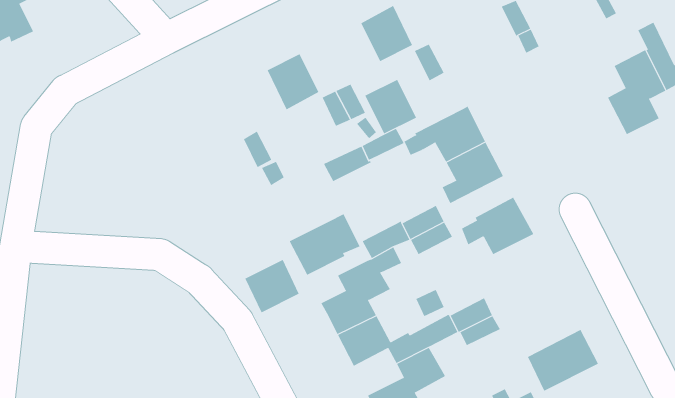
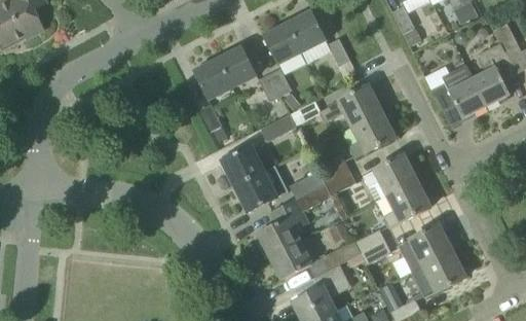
building: none -> [193,58,232,100]
building: none -> [431,64,486,117]
building: [364,79,417,134] -> [263,23,302,64]
building: none -> [383,180,430,228]
building: [245,259,300,313] -> [222,145,263,185]
building: none -> [398,224,452,272]

